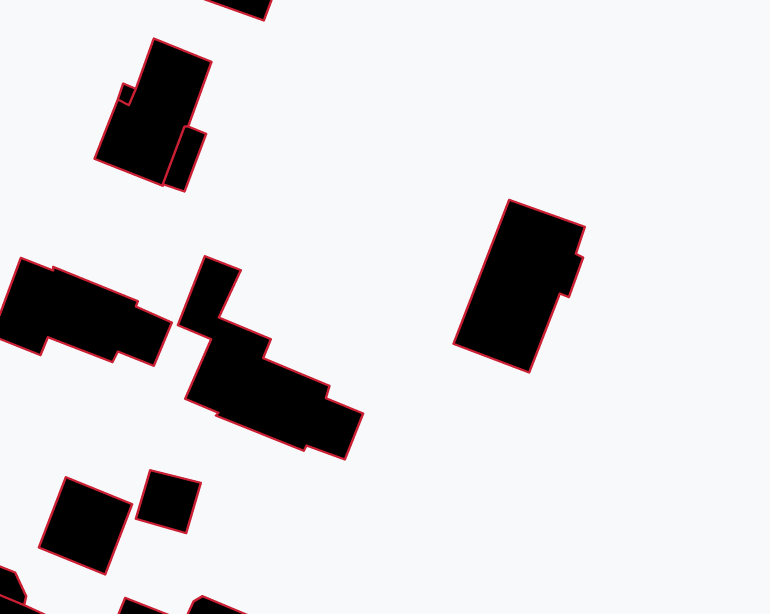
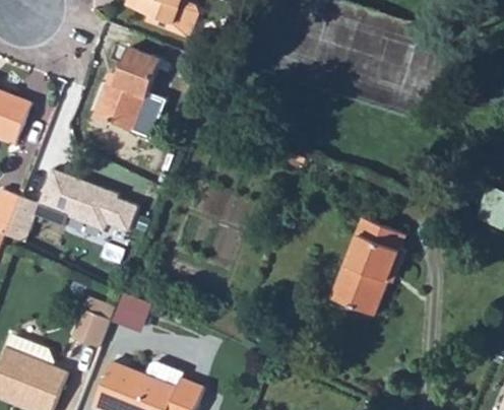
building: [454,200,585,373] -> [329,218,403,316]
building: [178,256,363,459] -> none

